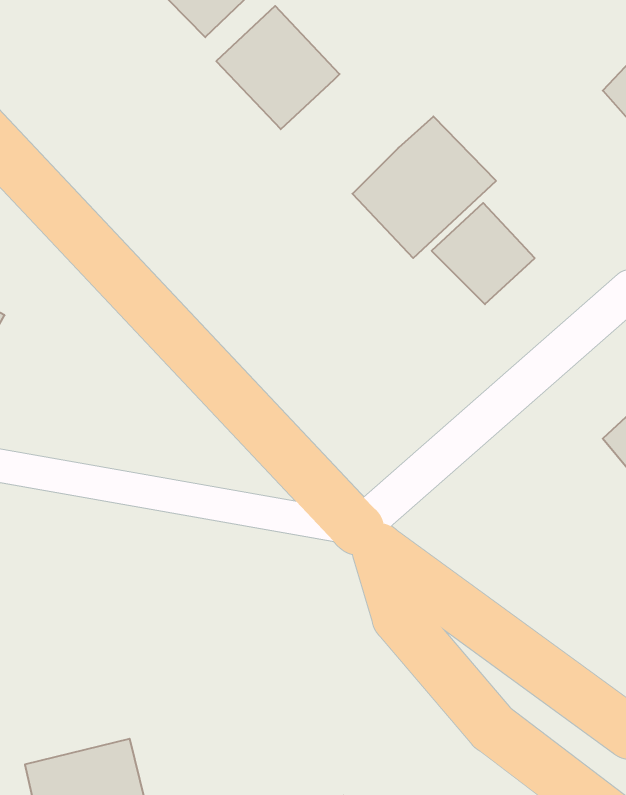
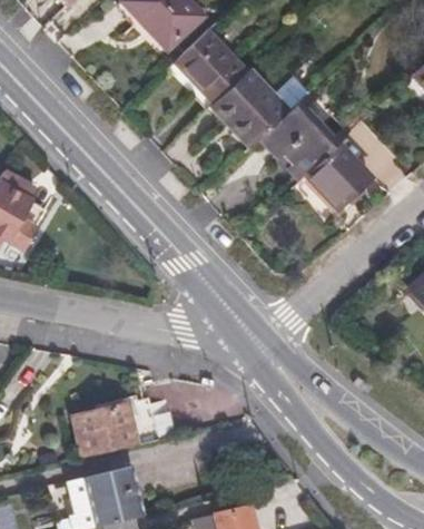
building: none -> [206,69,285,148]
building: none -> [66,403,151,461]

